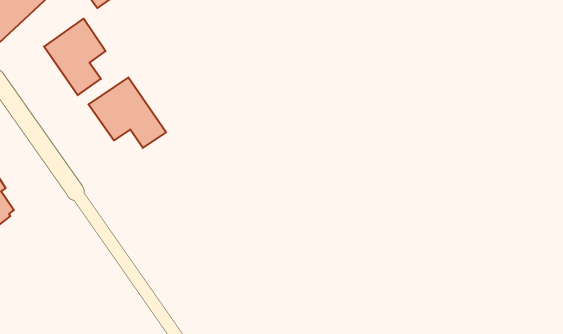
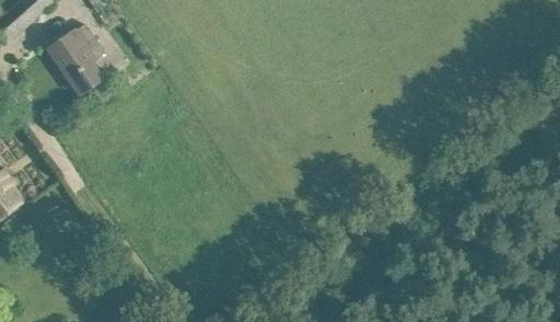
building: [88,77,166,148] -> none

